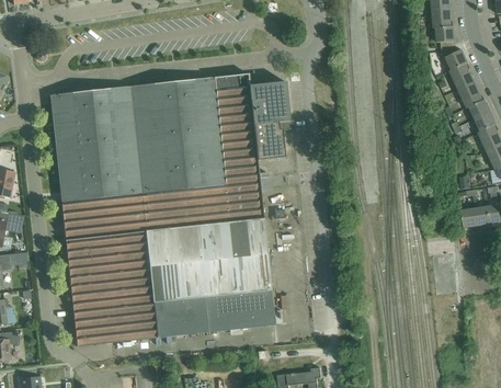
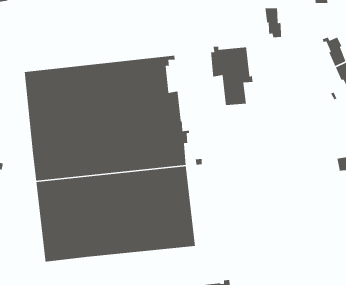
building: [432,5,455,46] -> [264,7,282,38]
building: [237,80,294,159] -> [210,46,253,106]

